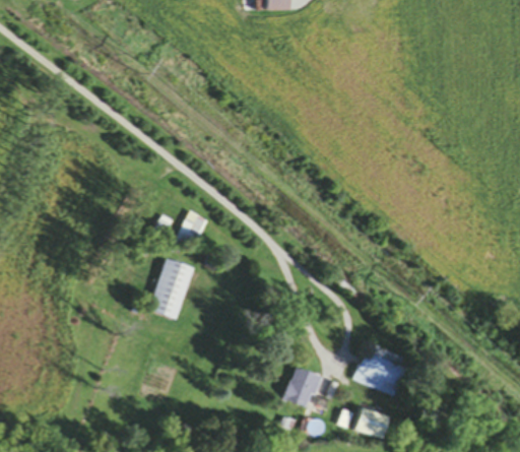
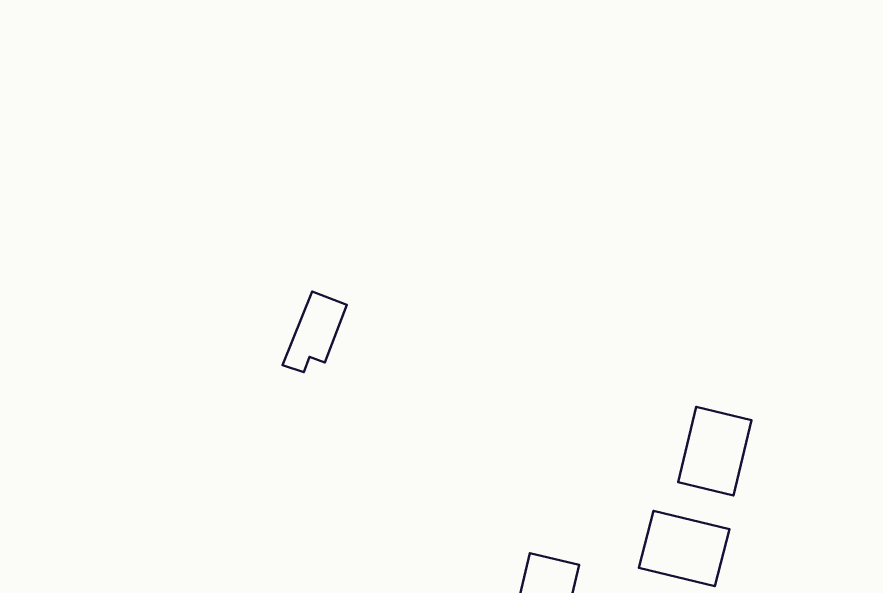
building: [149,258,192,318] -> none
building: none -> [678,407,752,495]

